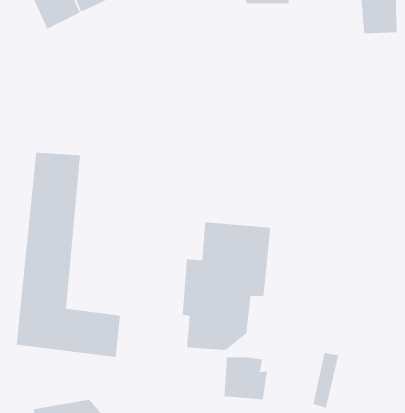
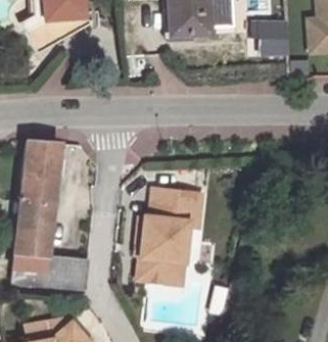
building: [223,357,268,400] -> none

